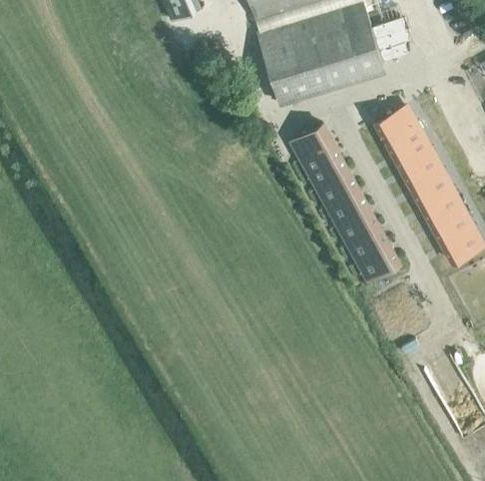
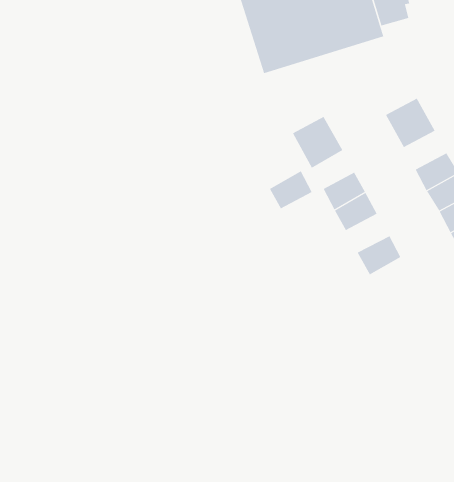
building: [377,106,414,139] -> none
building: [295,124,332,155] -> none
building: [402,153,440,187] -> none
building: [321,170,359,204] -> [269,171,312,209]
building: [351,226,390,261] -> none

